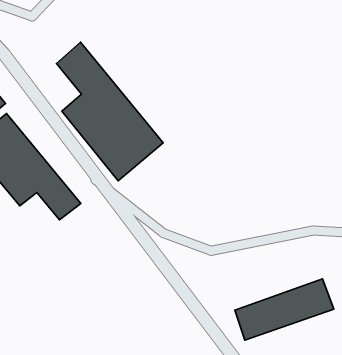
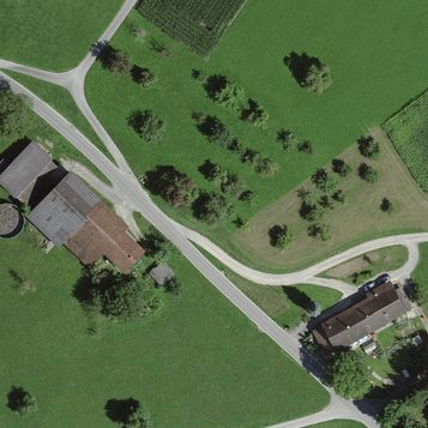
building: [56,42,163,181] -> none

